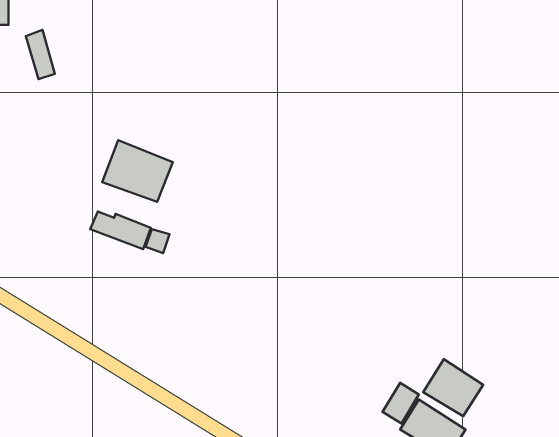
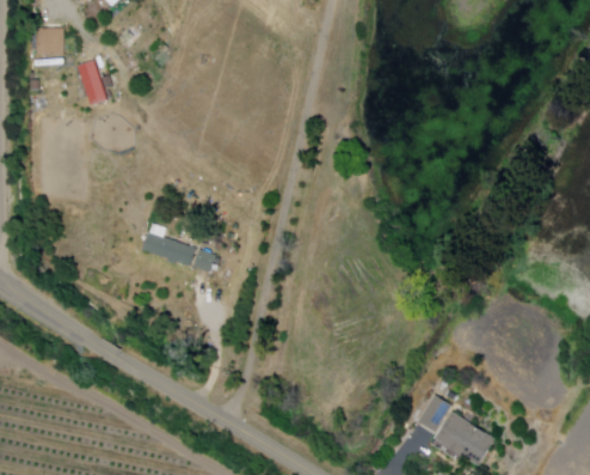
building: [102,140,173,202] -> none
building: [423,359,483,416] -> none

